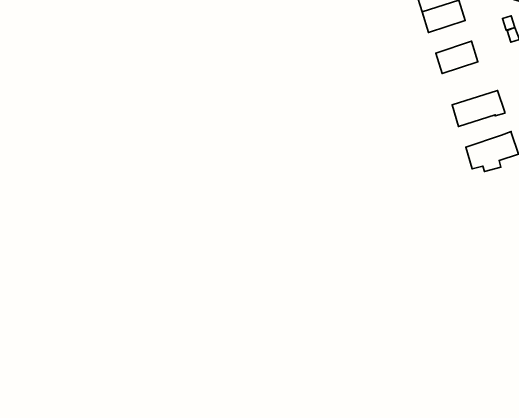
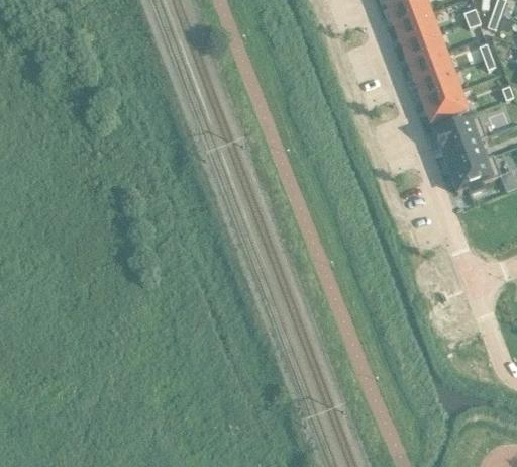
building: none -> [410,50,451,82]
building: none -> [425,88,467,121]
building: none -> [443,137,485,170]

